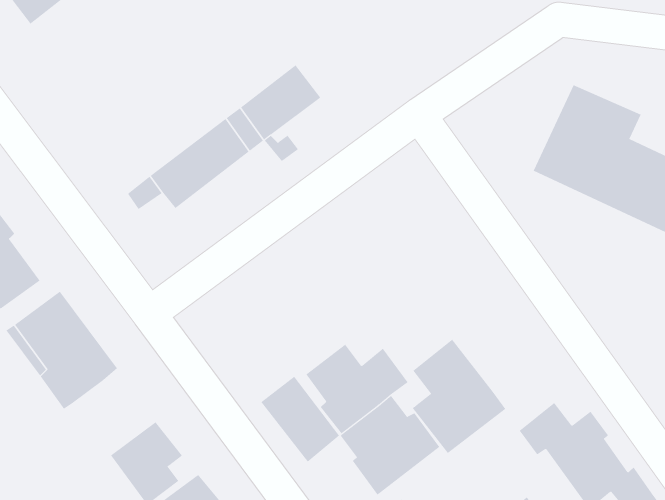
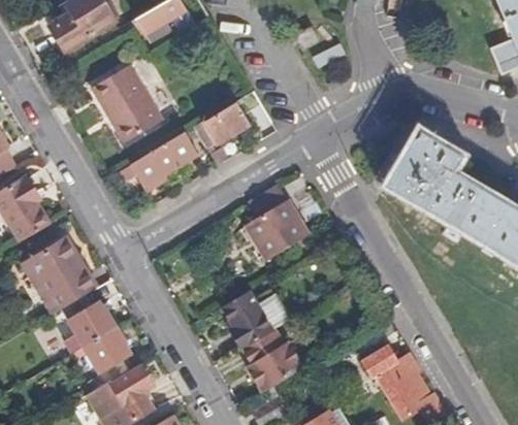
building: none -> [93,63,164,142]
building: [412,339,506,454] -> [245,184,307,260]
building: [260,376,340,462] -> none
building: none -> [63,296,118,354]

